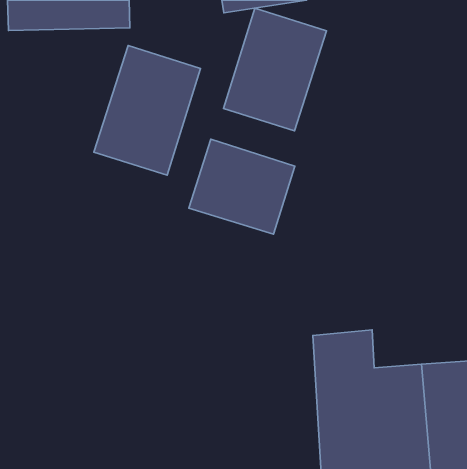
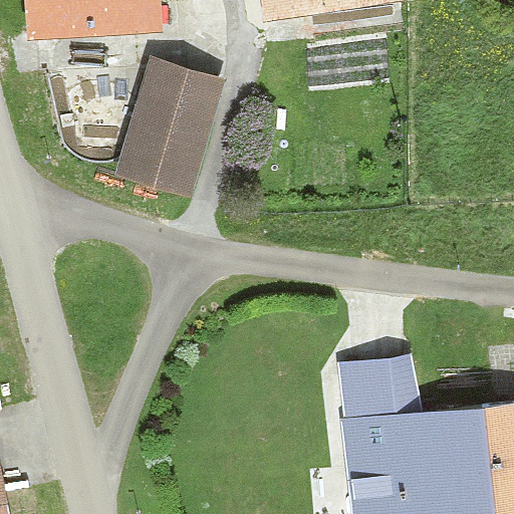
building: [224,8,327,131] -> none
building: [189,139,295,234] -> none

